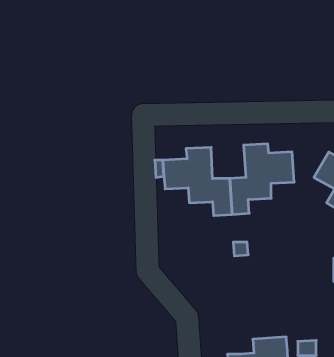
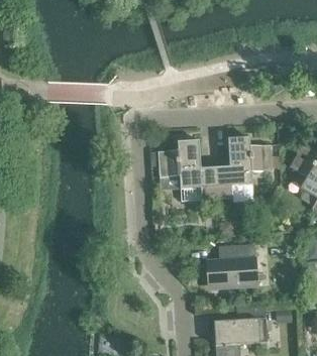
building: none -> [210,244,256,287]

